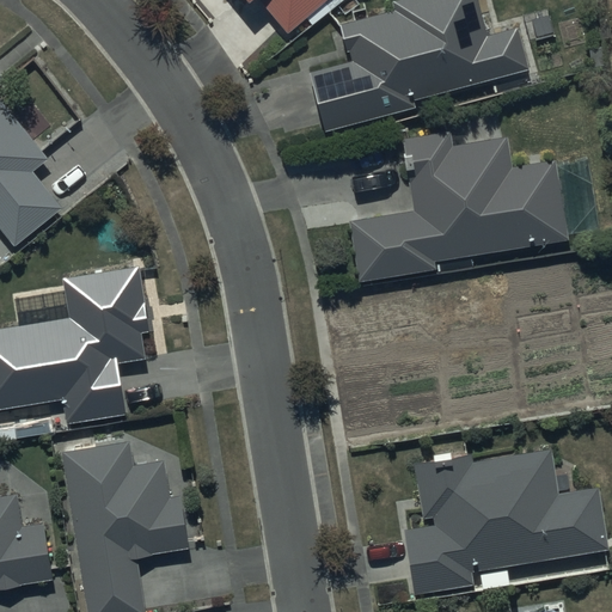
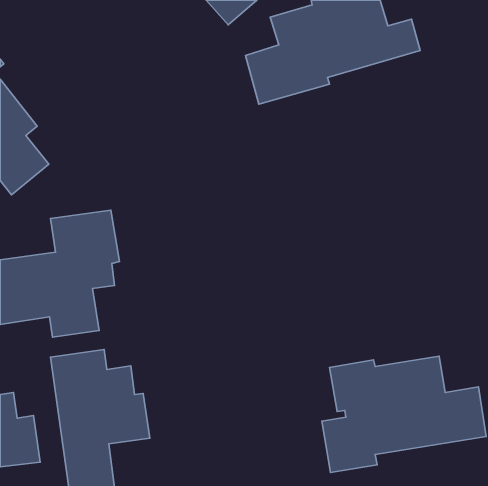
building: [347,129,567,283] -> none

